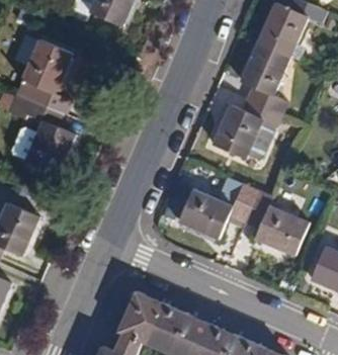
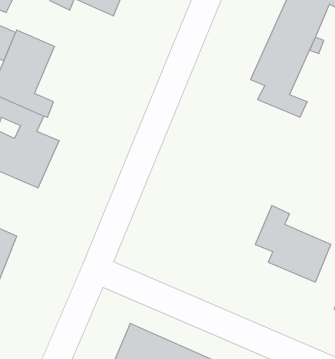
building: [213,99,282,159] -> none
building: [178,178,258,240] -> none

